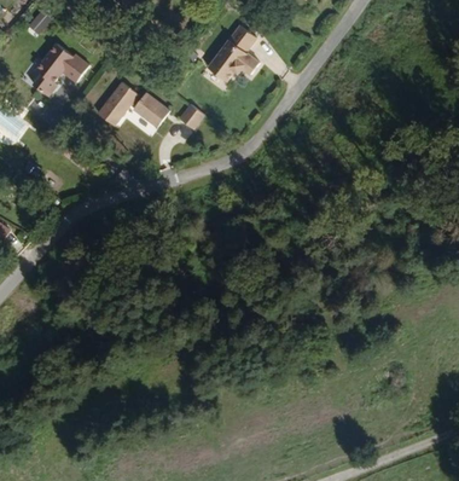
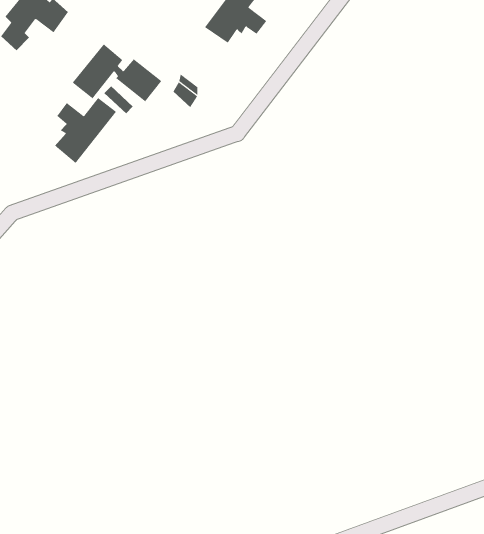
building: none -> [54,97,117,164]

